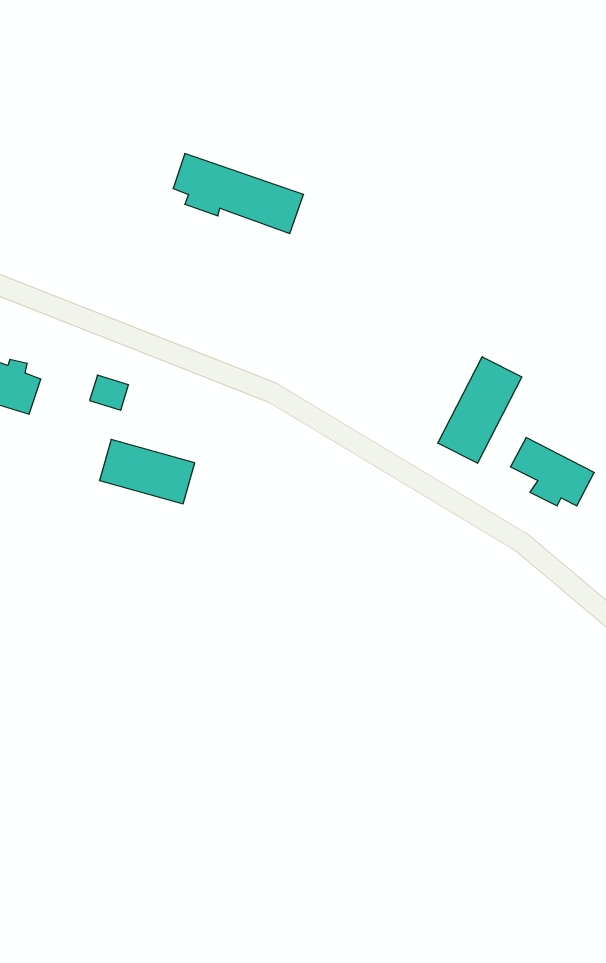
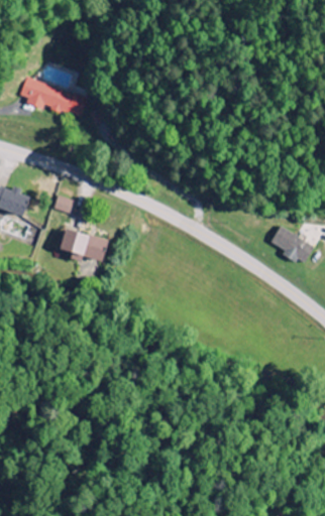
building: [173,154,304,233] -> [20,77,88,118]
building: [438,357,522,463] -> none

